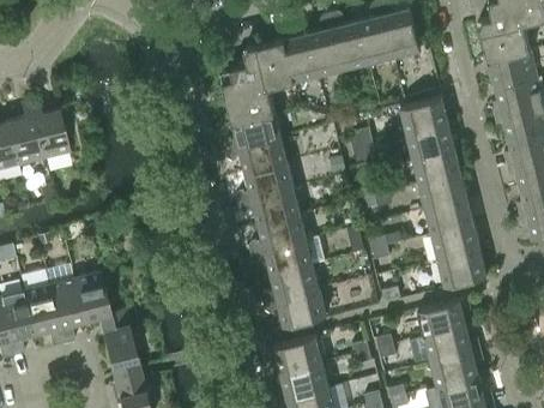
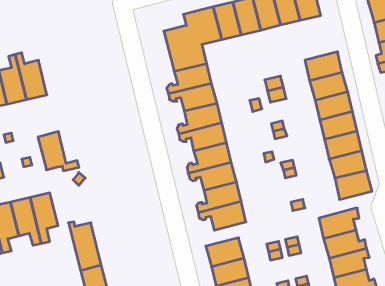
building: [73,271,126,322] -> [38,132,79,171]

